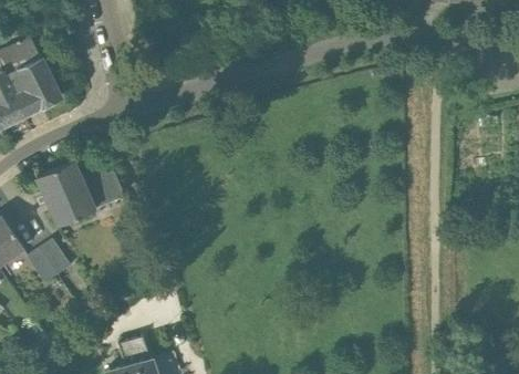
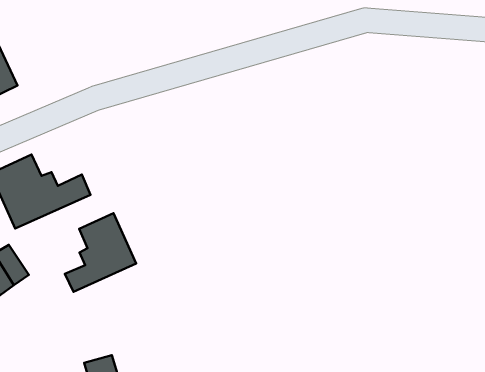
building: none -> [65,213,136,292]

